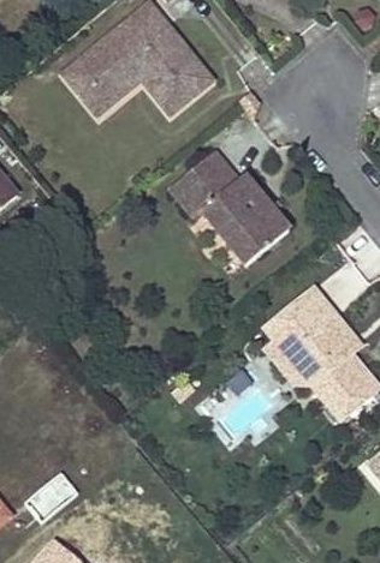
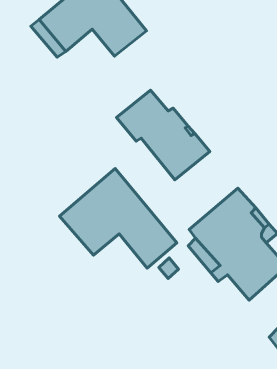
building: none -> [59,169,177,268]

